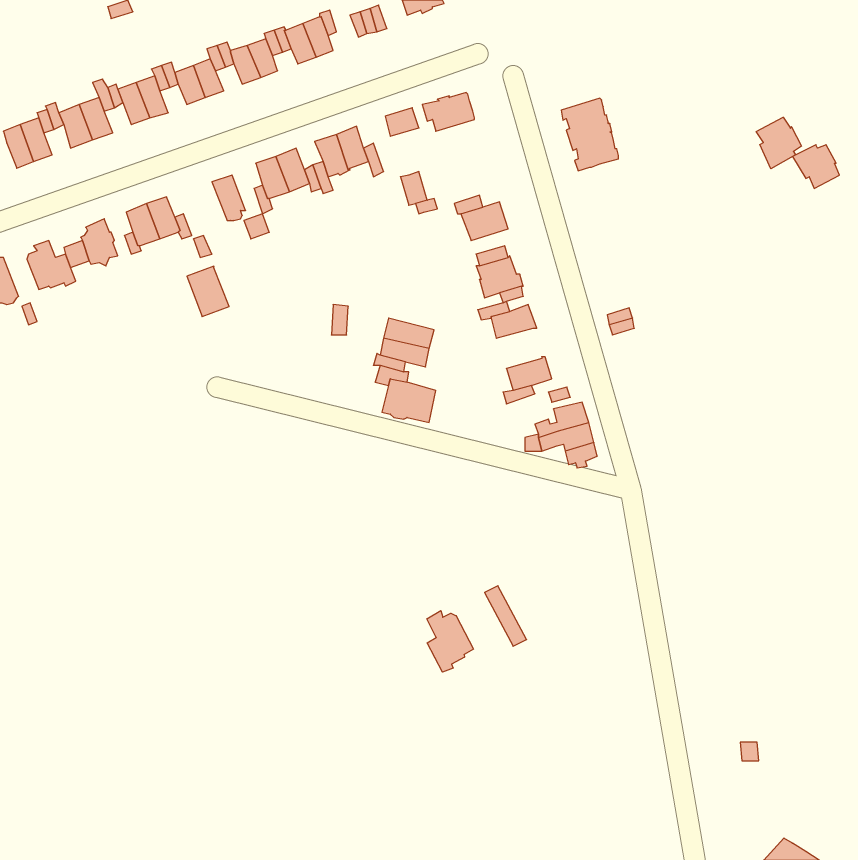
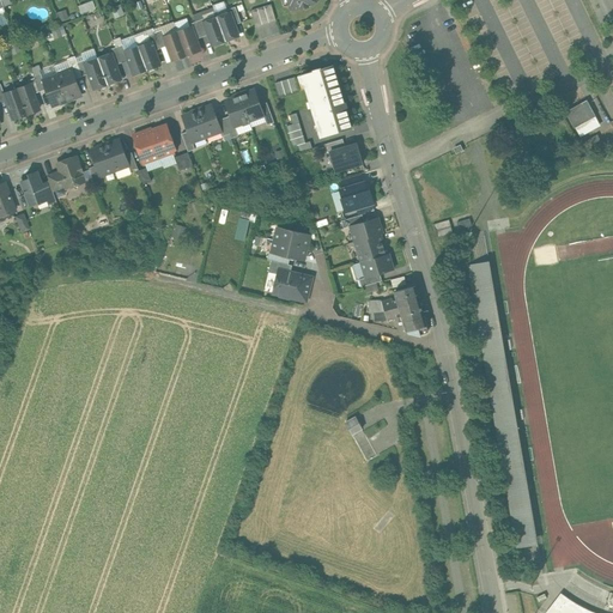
building: [561,98,618,171] -> [310,85,351,136]
building: [756,117,801,169] -> none
building: [187,266,229,317] -> [132,128,162,164]
building: none -> [353,233,386,262]
building: [427,611,473,672] -> none

